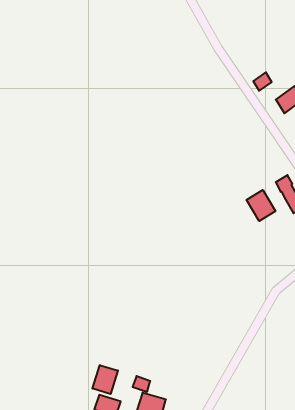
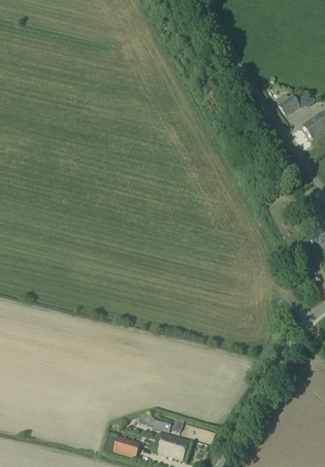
building: [247,190,275,221] -> none
building: [92,365,118,394] -> none

